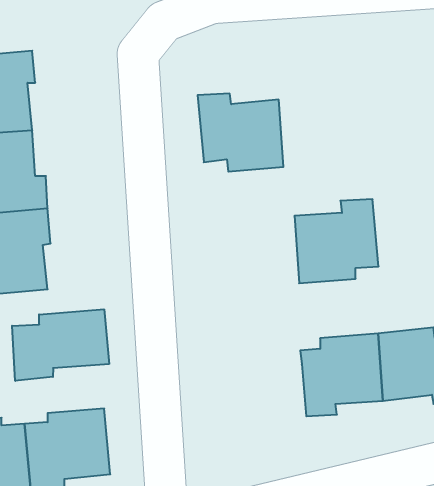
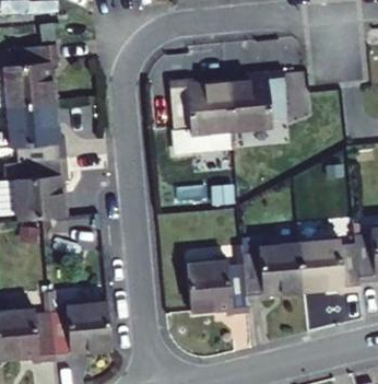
building: [294,199,379,283] -> [231,69,291,129]
building: [12,309,109,381] -> none
building: none -> [189,263,251,319]

